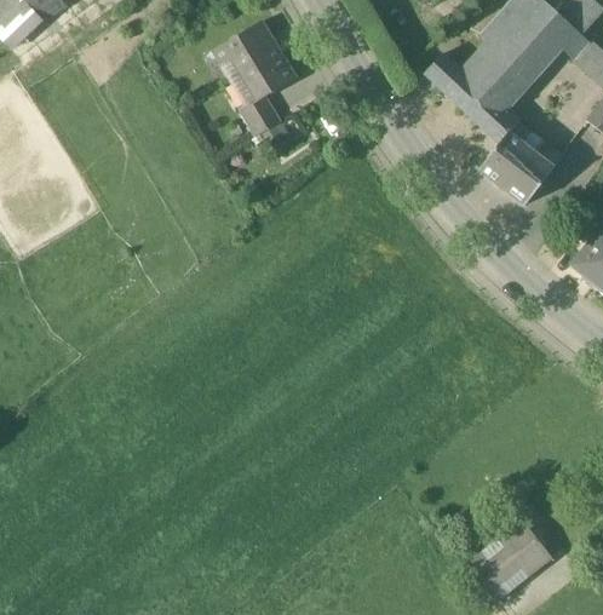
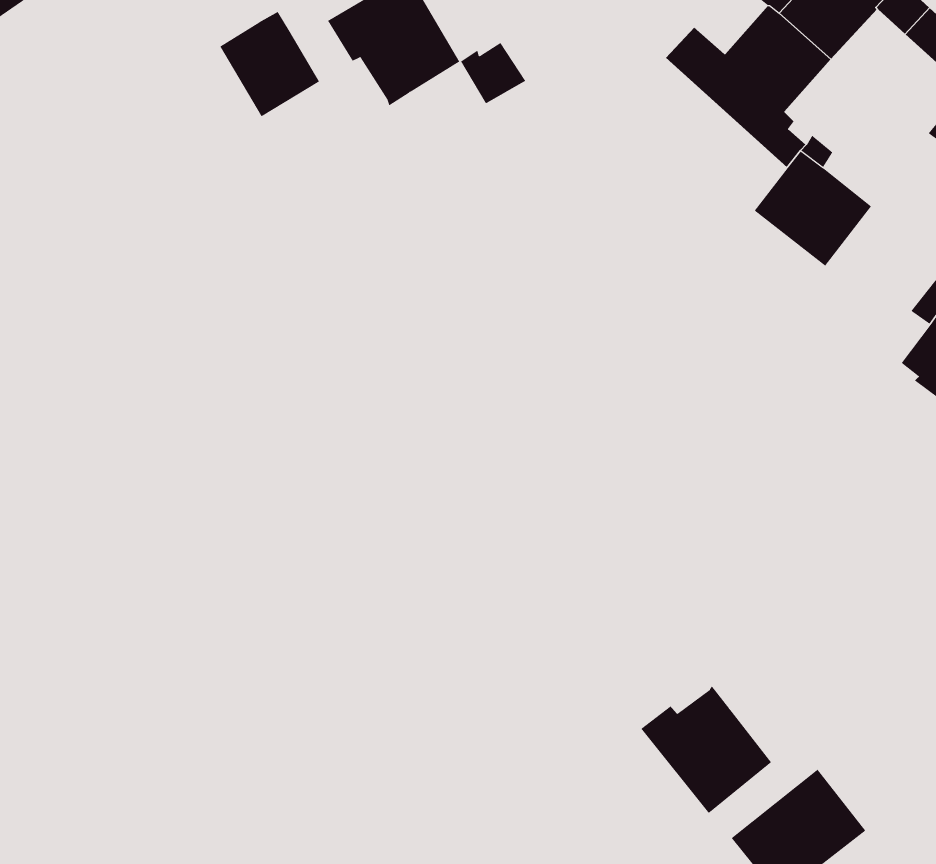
building: none -> [219,11,320,117]
building: [240,96,281,134] -> [460,42,526,104]
building: none -> [640,685,772,814]

